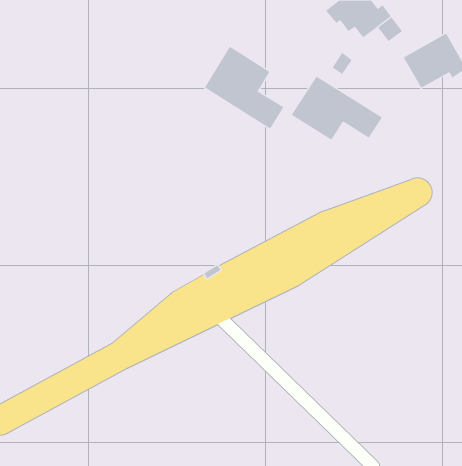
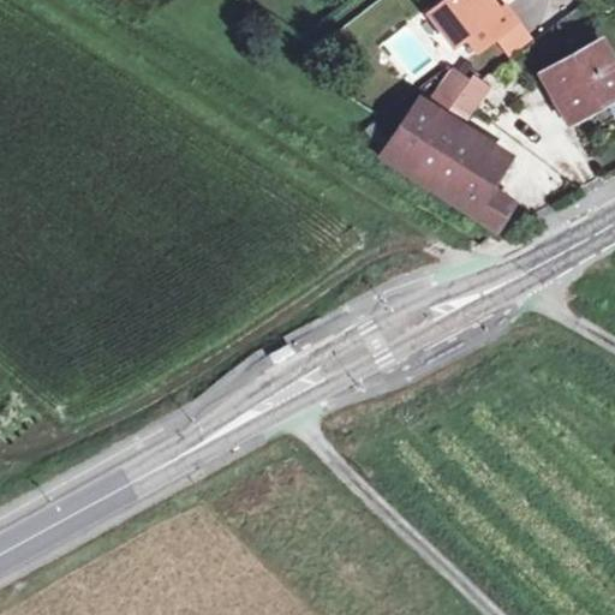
building: [204,46,284,129] -> none
building: none -> [442,161,512,223]

